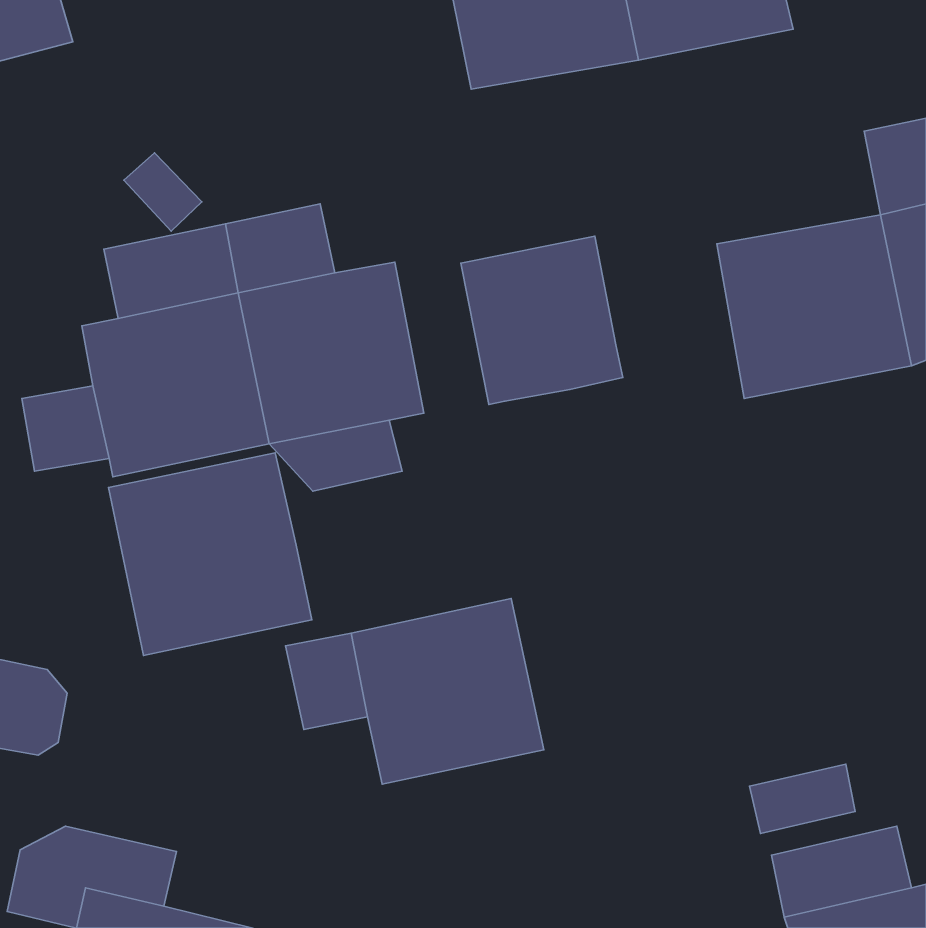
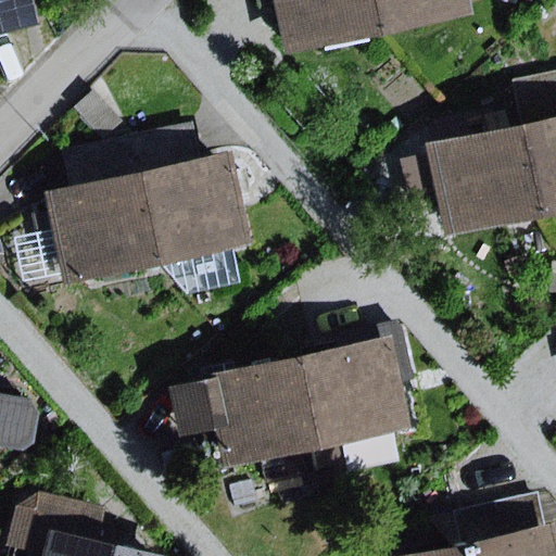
building: [461,236,623,405] -> none
building: [109,453,312,656] -> none
building: none -> [305,338,413,447]

